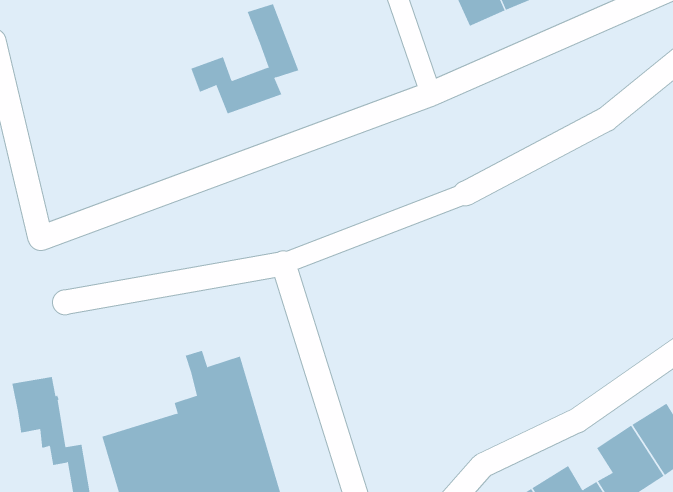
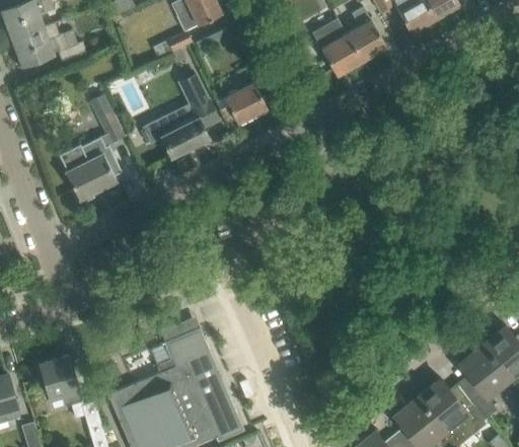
building: none -> [90,93,126,141]
building: none -> [216,82,268,124]
building: none -> [66,138,122,202]

